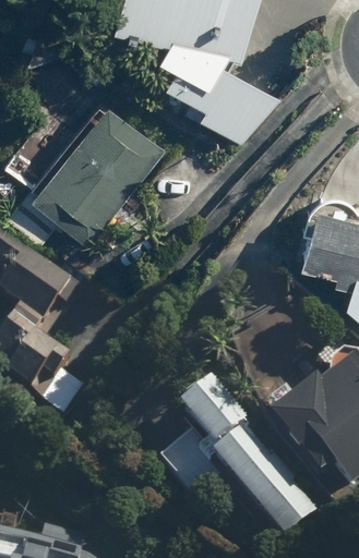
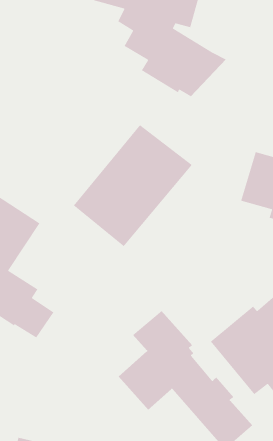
building: [32,96,170,238] -> [73,124,193,247]

